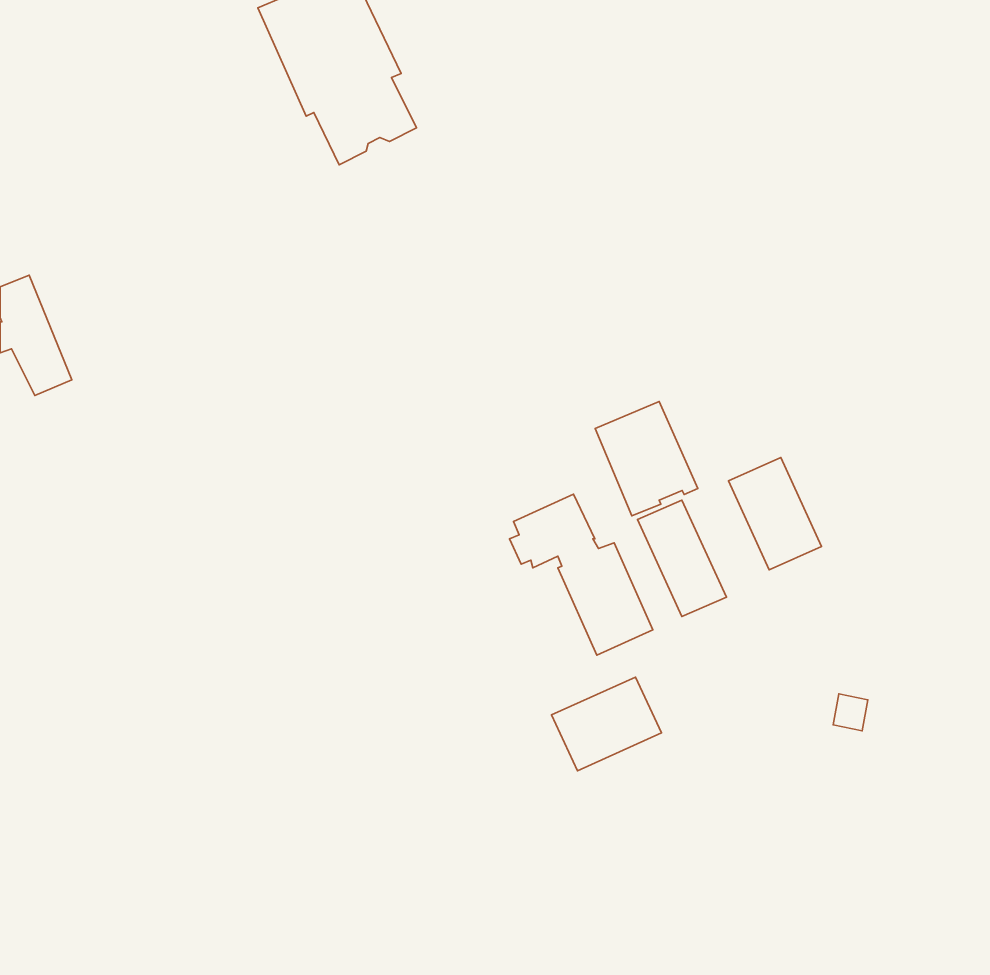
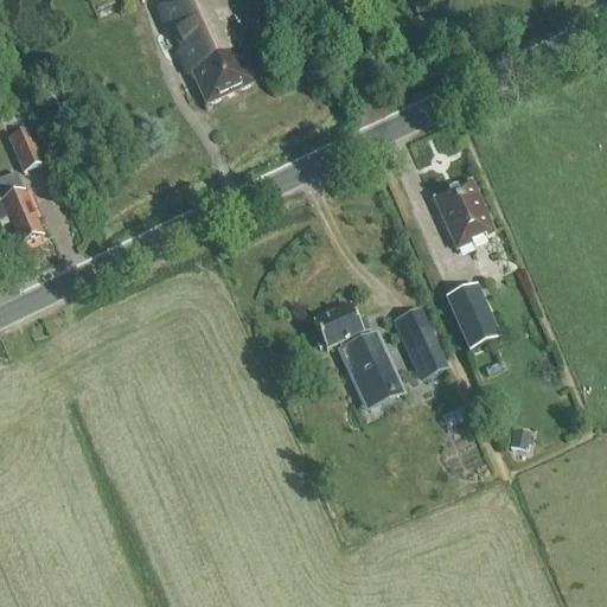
building: none -> [8,124,47,171]
building: [595,401,698,516] -> [434,177,497,247]
building: [551,677,662,771] -> none

